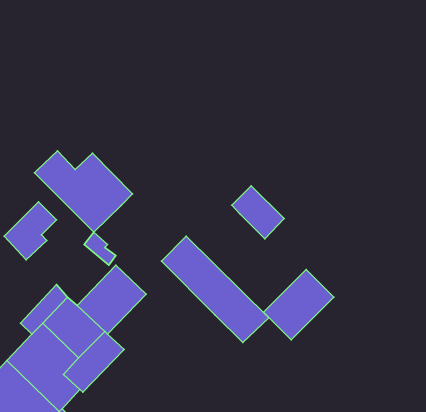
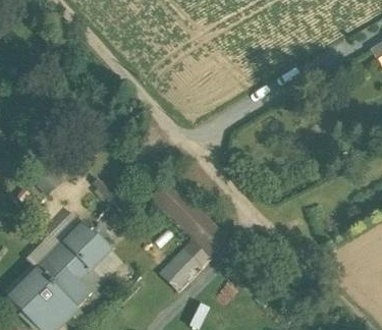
building: [35,151,133,232] -> none
building: [232,186,284,239] -> none
building: [263,269,334,340] -> [157,237,209,289]

